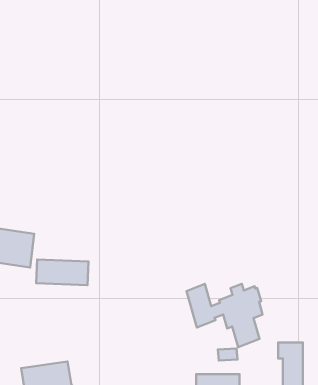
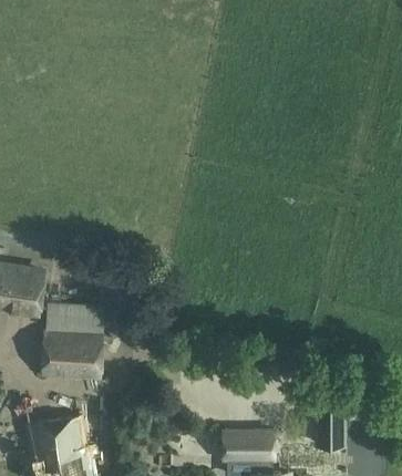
building: [186,284,263,347] -> none
building: none -> [41,328,103,379]

